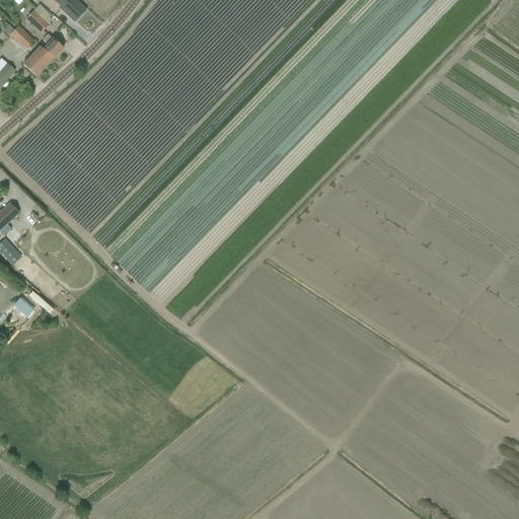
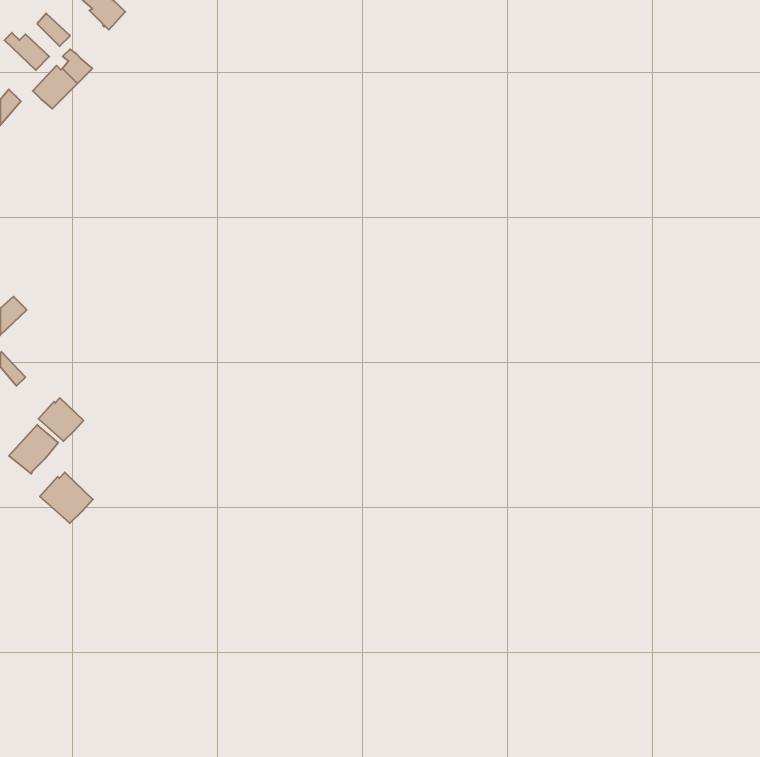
building: none -> [38,398,83,441]
building: none -> [40,472,93,523]

